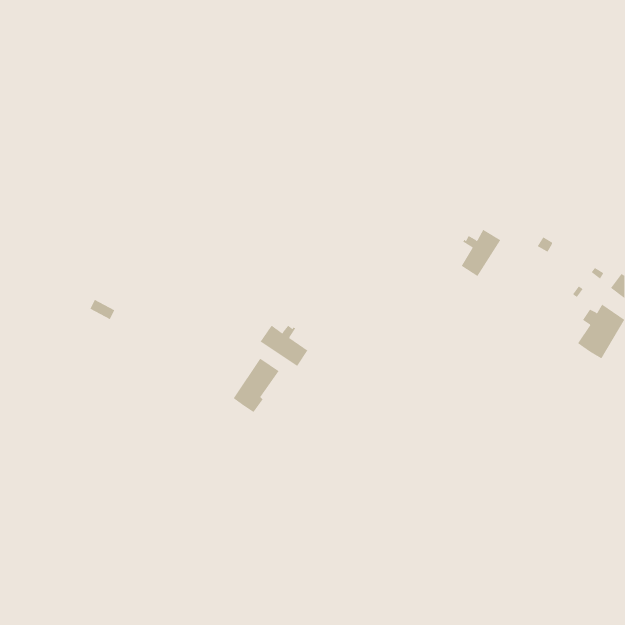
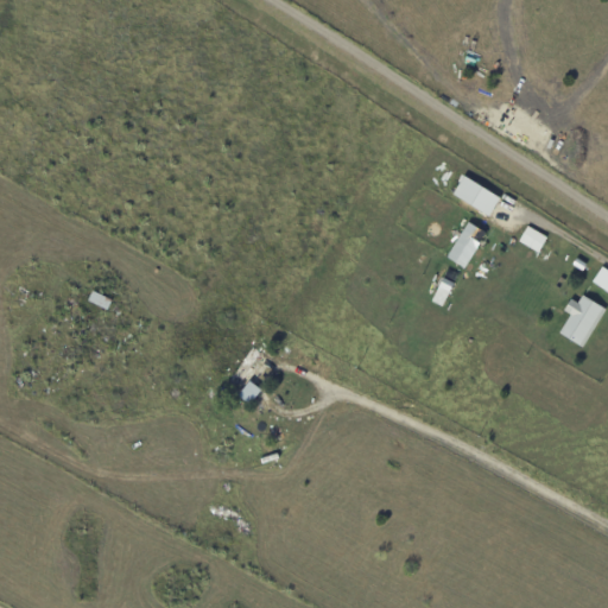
building: none -> [454,176,499,216]
building: [260,325,308,367] -> none

